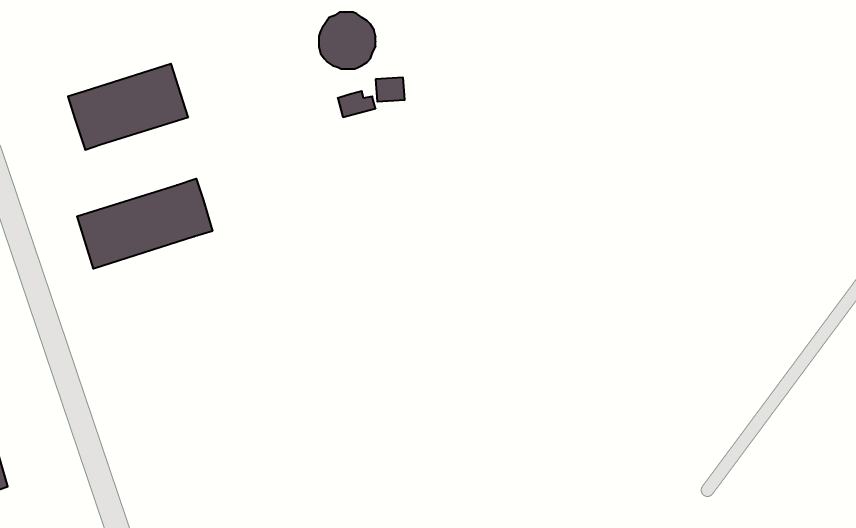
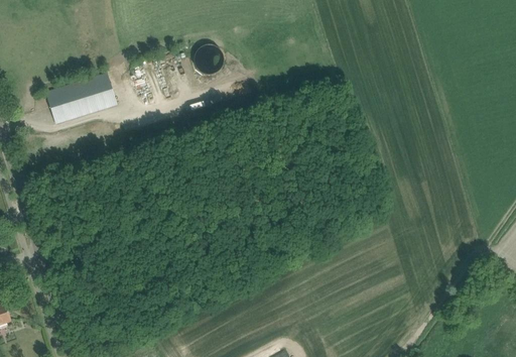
building: [77,179,212,269] -> none

